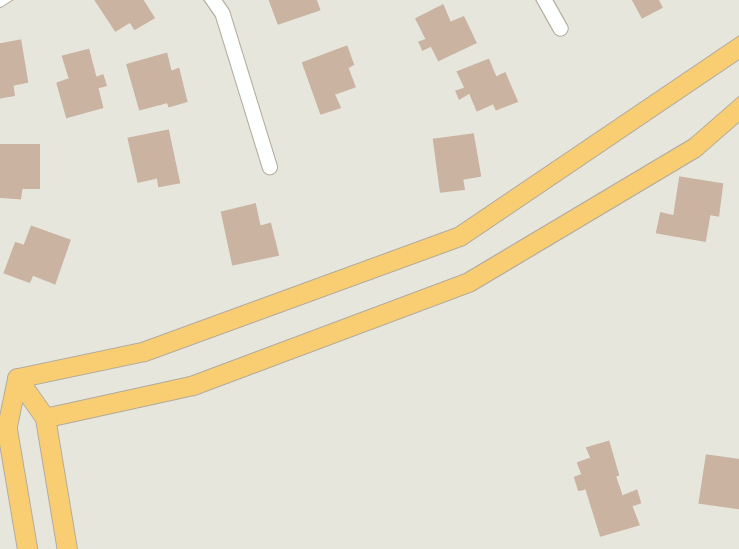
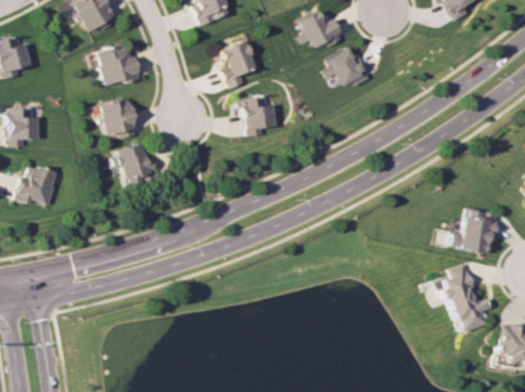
building: [56,48,108,119] -> none
building: [432,133,482,193] -> [241,93,276,135]
building: [655,176,724,242] -> [449,206,497,252]
building: [220,203,280,266] -> [115,143,157,187]
building: [573,440,642,537] -> [439,263,487,330]

